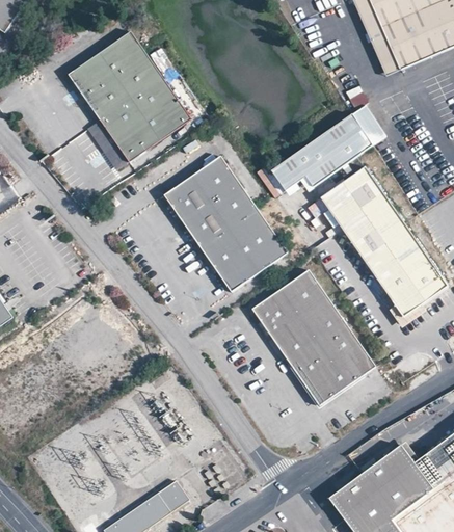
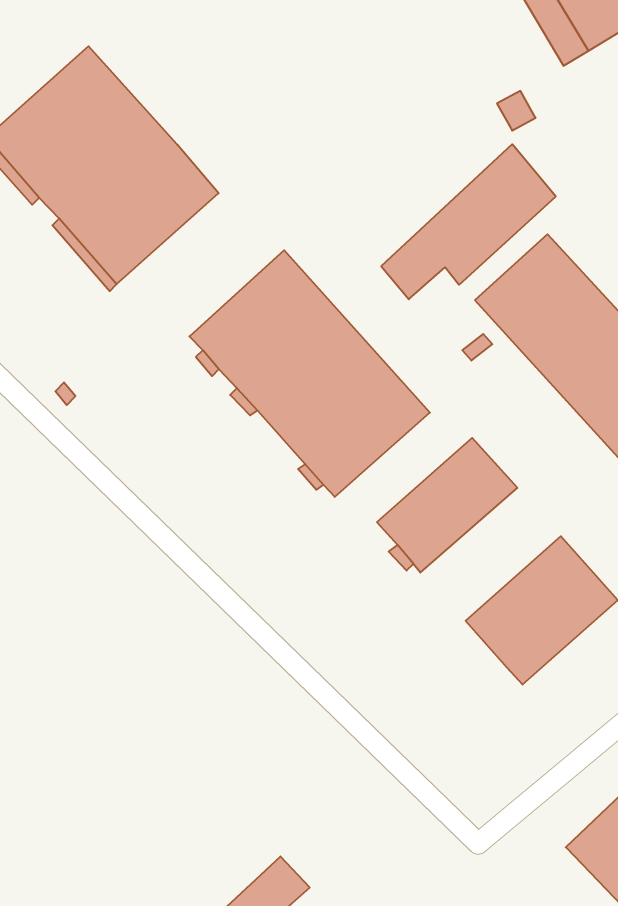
building: [351,105,385,145] -> none
building: [271,299,349,367] -> none

